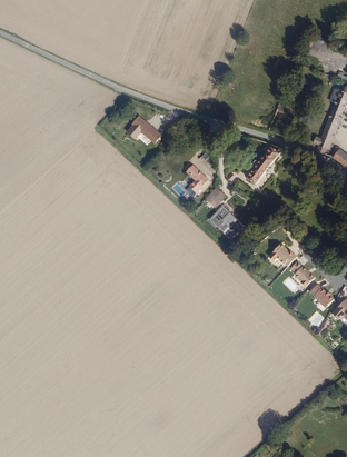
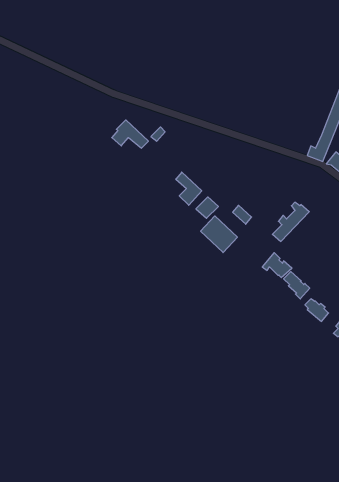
building: [247,147,281,183] -> [272,202,309,241]

